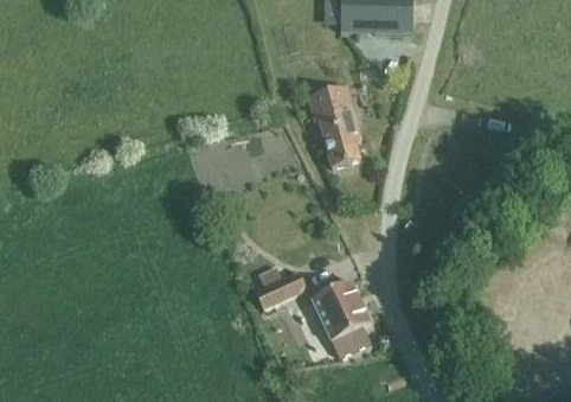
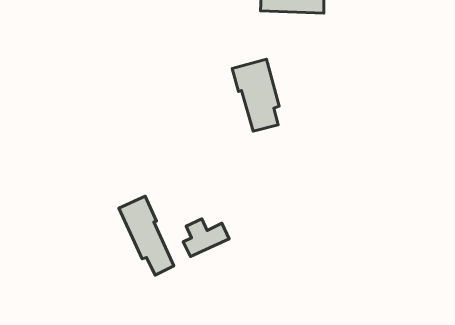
building: none -> [119,196,174,275]
building: [308,279,371,357] -> none

